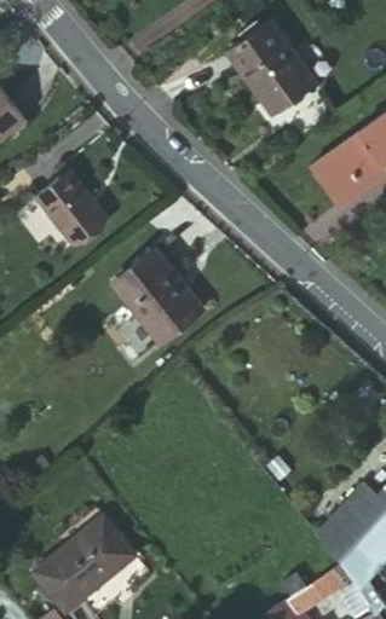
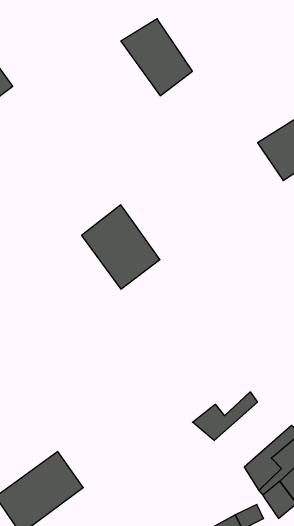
building: [225,25,309,112] -> [121,19,192,96]
building: [40,166,105,236] -> none
building: none -> [192,392,257,441]

